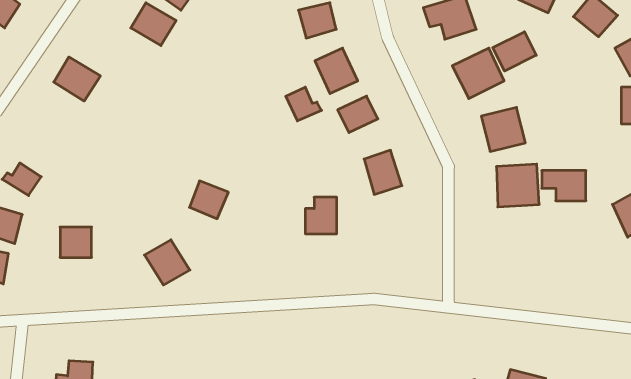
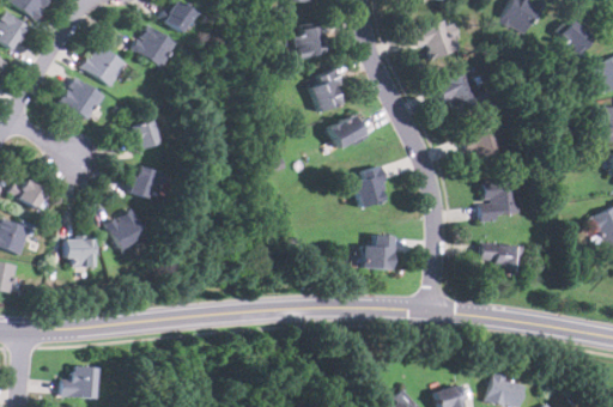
building: none -> [83,44,127,86]
building: [493,32,536,71] -> none
building: [286,87,322,121] -> none
building: none -> [127,119,160,150]
building: [542,171,586,201] -> [480,244,522,273]
building: [189,181,228,219] -> [128,164,165,200]
building: [305,197,337,234] -> [365,235,395,269]
building: [144,240,190,285] -> [105,209,148,253]

